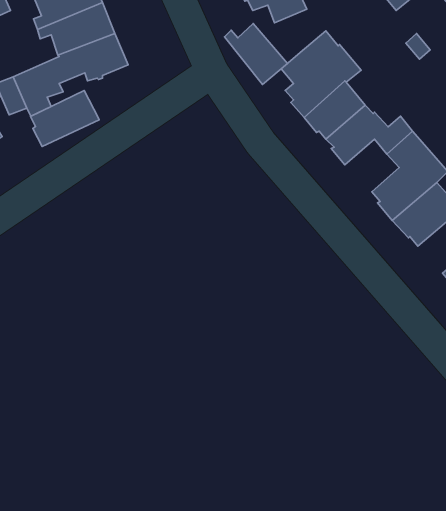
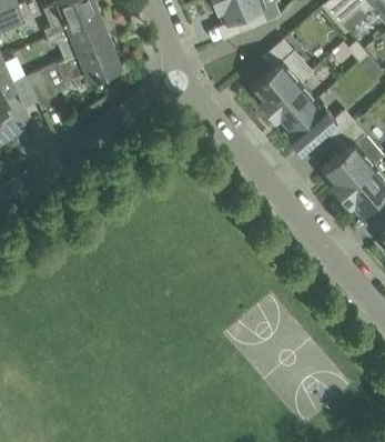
building: [225,24,287,84] -> none
building: [30,91,99,146] -> none

